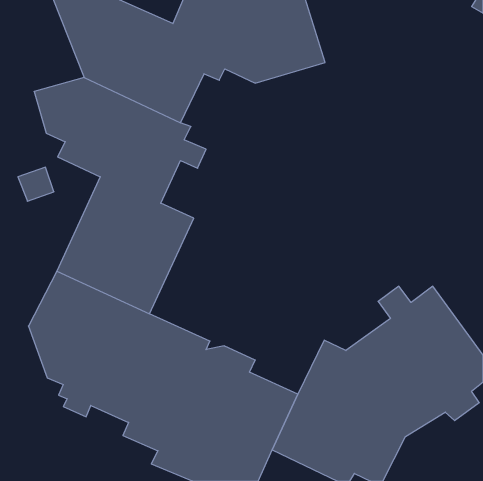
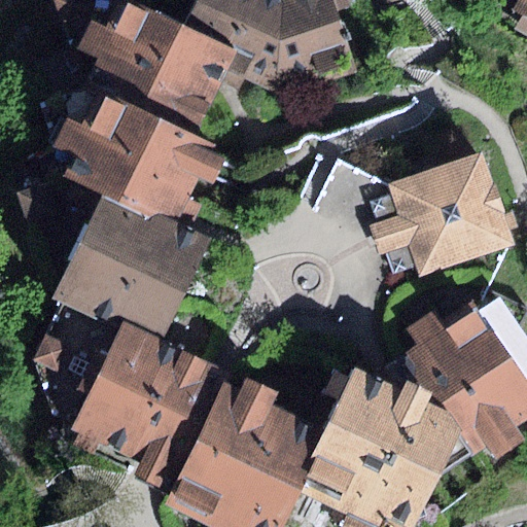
building: none -> [371,150,515,275]

